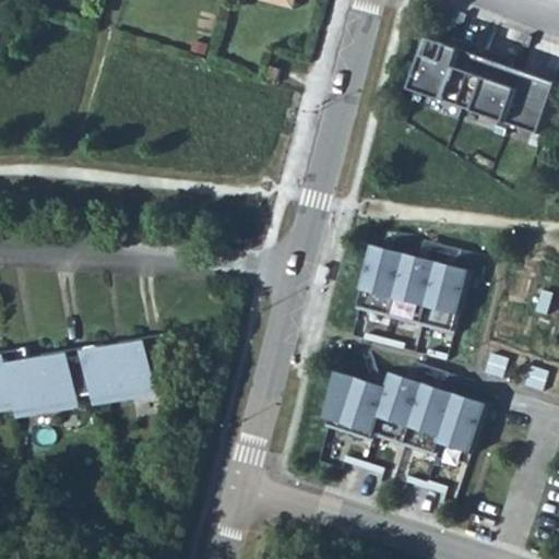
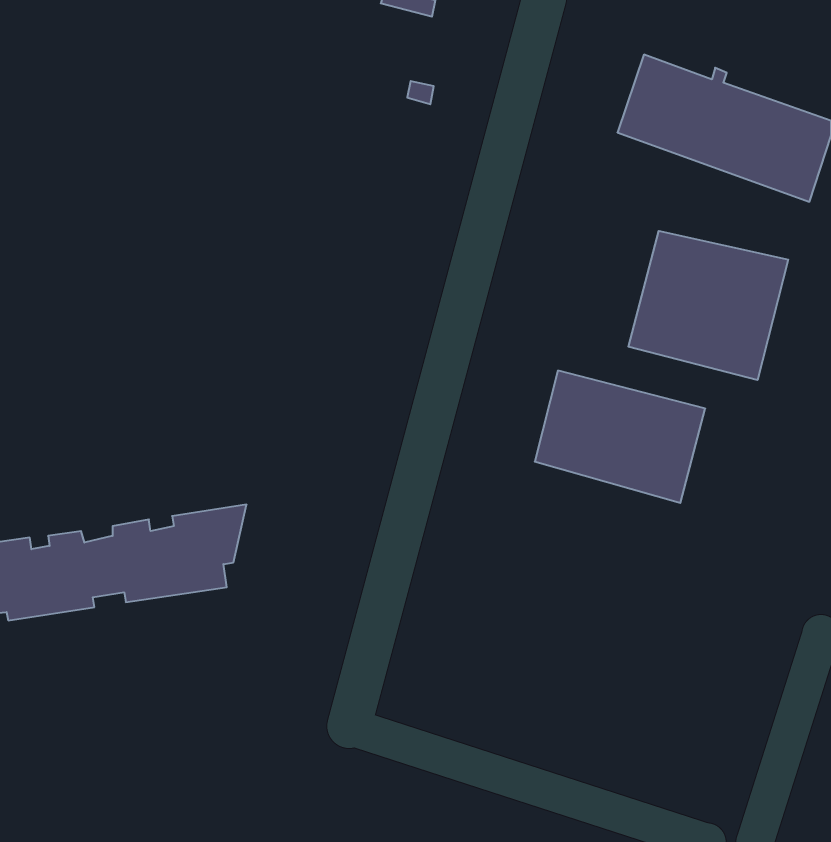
building: none -> [628,231,788,380]
building: [323,371,481,454] -> none

